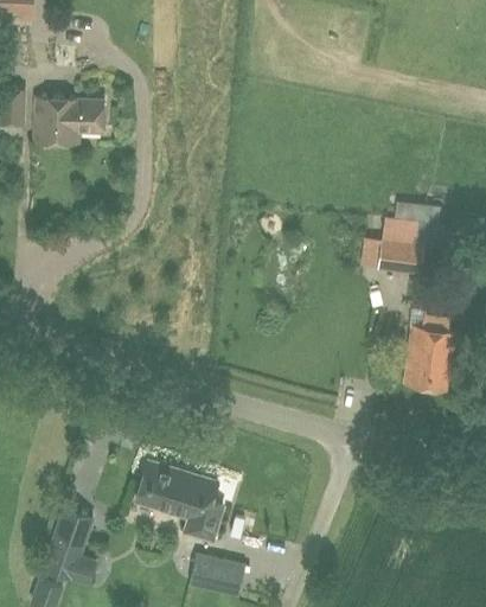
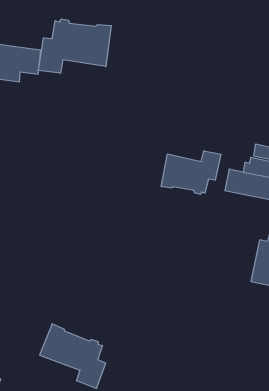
building: none -> [39,19,111,73]
building: none -> [161,151,221,194]

